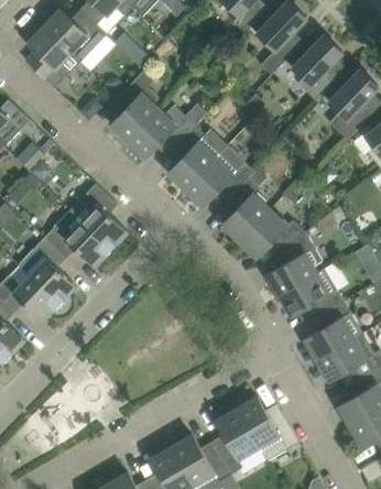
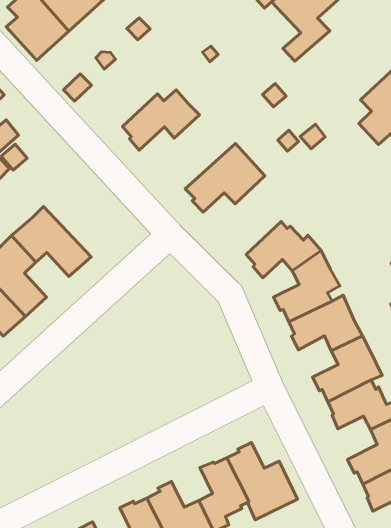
building: [291,35,340,100] -> none
building: [109,68,156,139] -> none
building: [166,124,225,187] -> none
building: [220,167,268,239] -> none
building: [67,183,127,250] -> none

